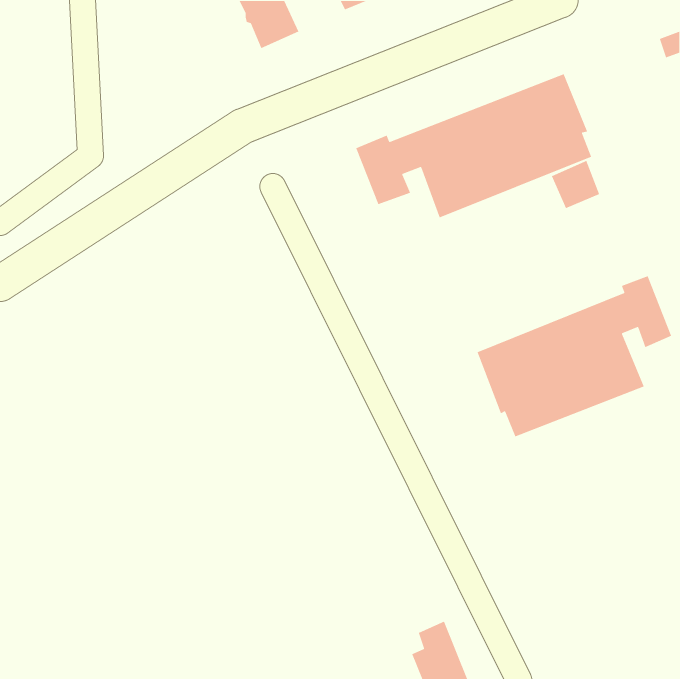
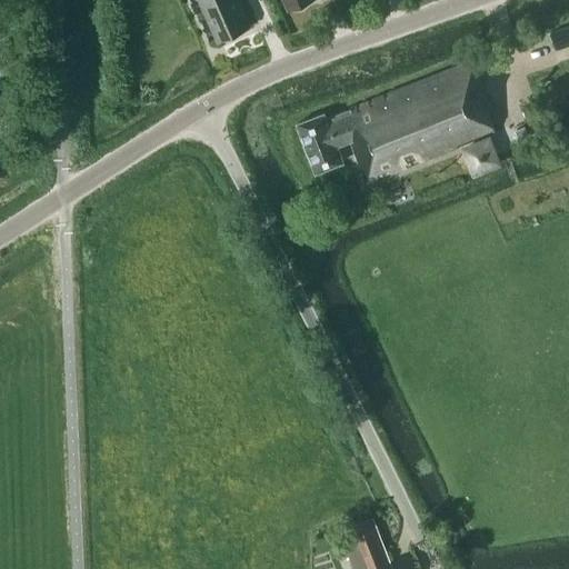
building: [476,275,672,438] -> none

